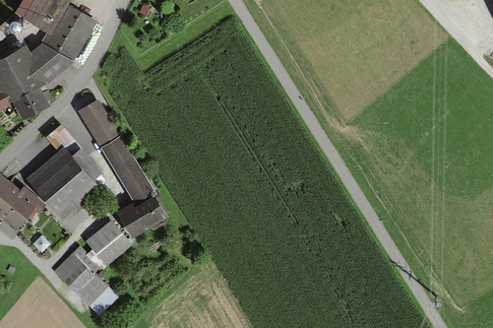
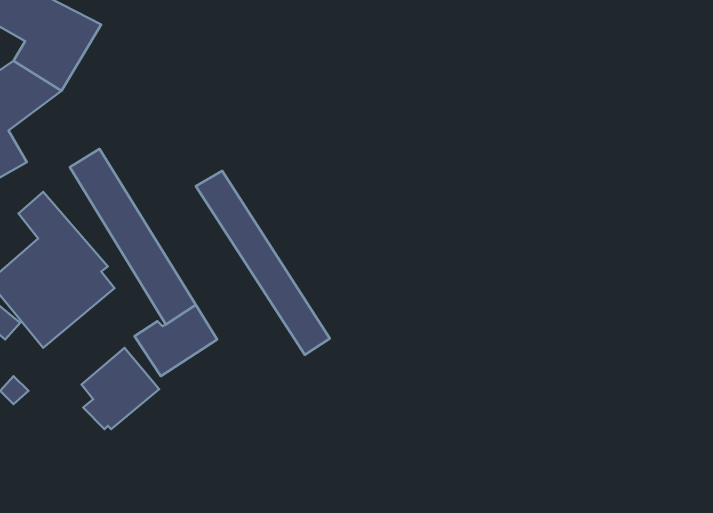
building: none -> [196,171,330,355]
building: [55,250,118,316] -> none

